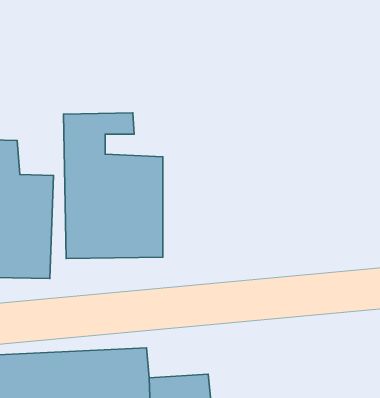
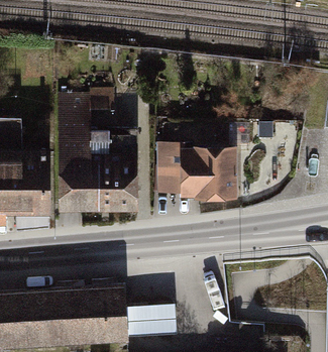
building: none -> [158,145,246,203]

